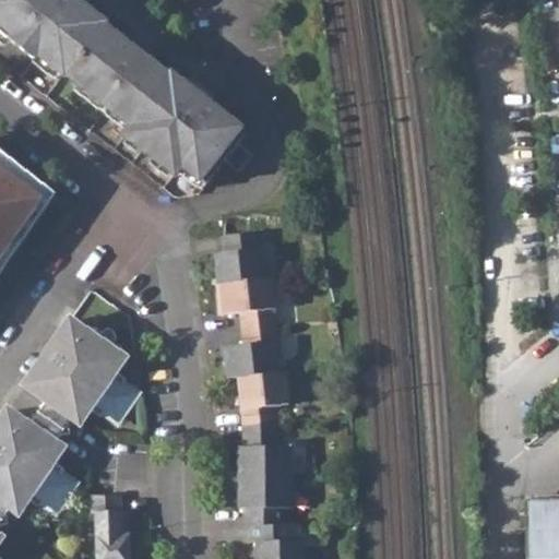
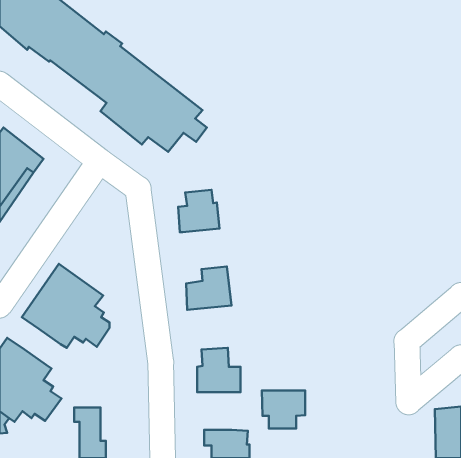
building: [221,275,276,325] -> none
building: [238,369,289,423] -> none
building: [29,397,73,441] -> none
building: [238,474,290,520] -> [262,391,305,429]

